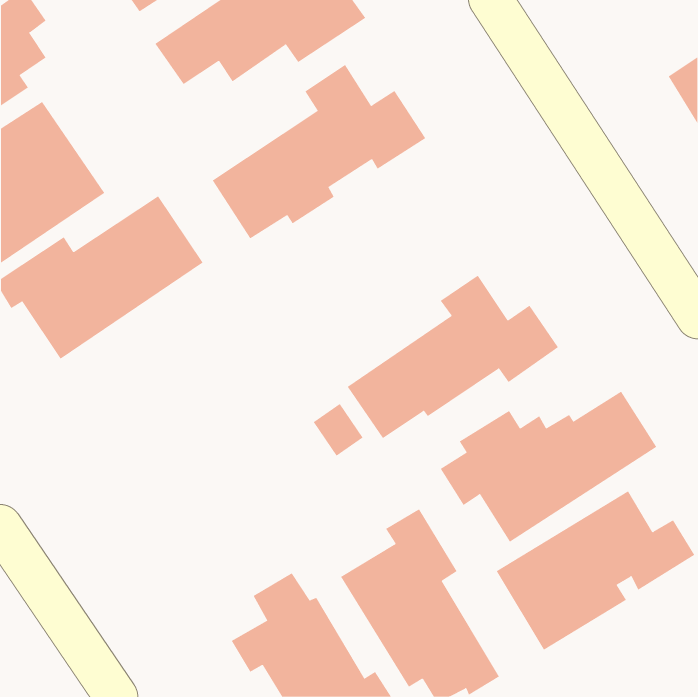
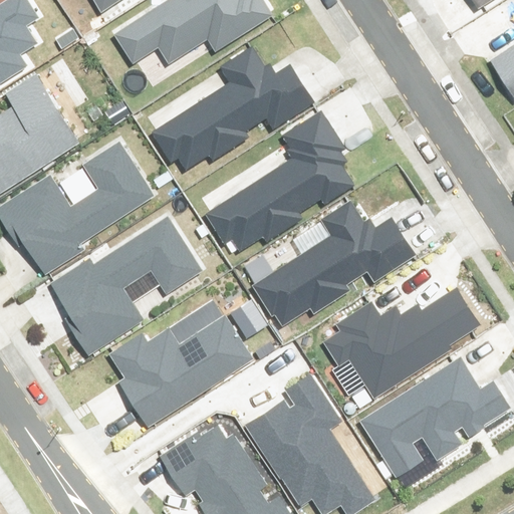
building: none -> [211,110,357,257]
building: none -> [50,215,201,352]
building: none -> [112,316,253,427]

